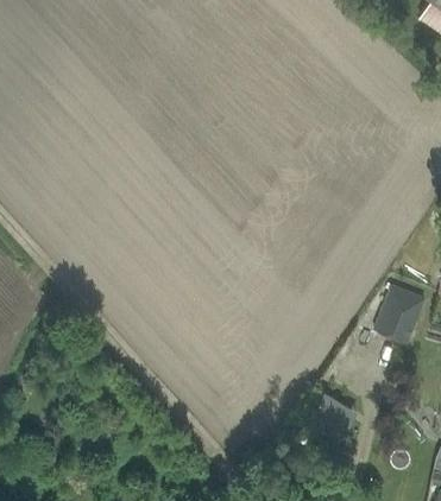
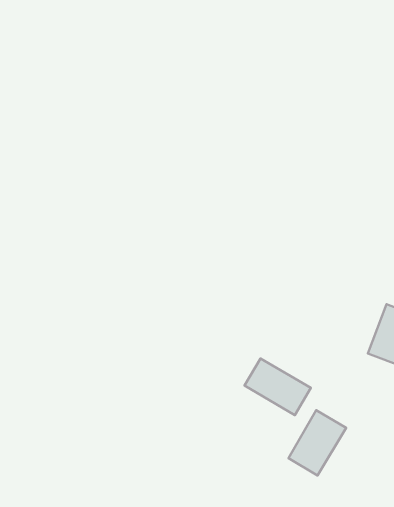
building: none -> [244,359,311,415]

